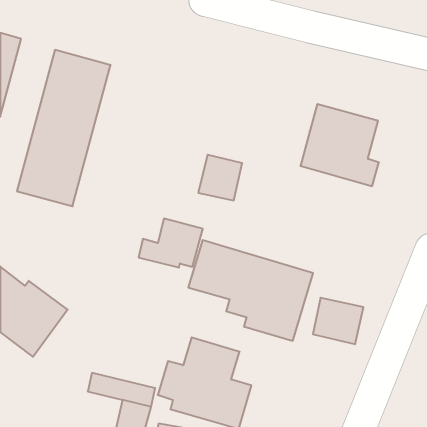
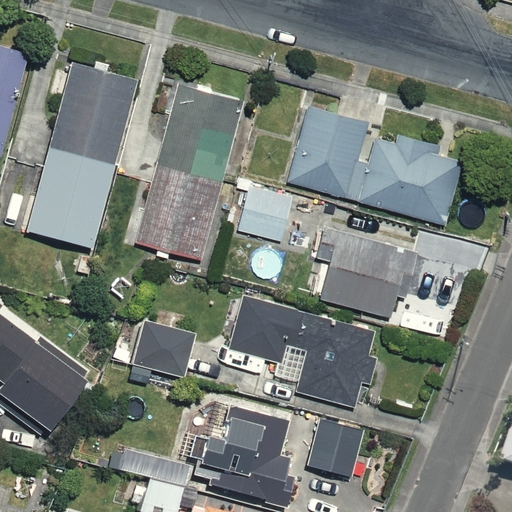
building: none -> [134,83,244,261]
building: none -> [289,103,372,202]
building: none -> [312,222,423,319]
building: [139,219,203,268] -> [117,323,193,381]
building: [313,298,363,344] -> [308,425,368,480]

